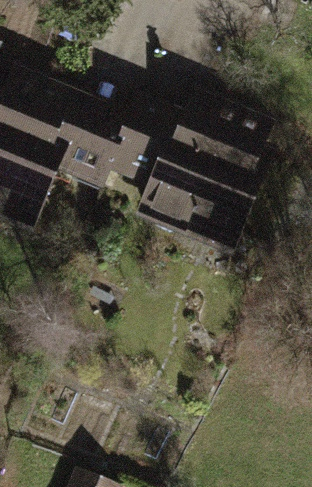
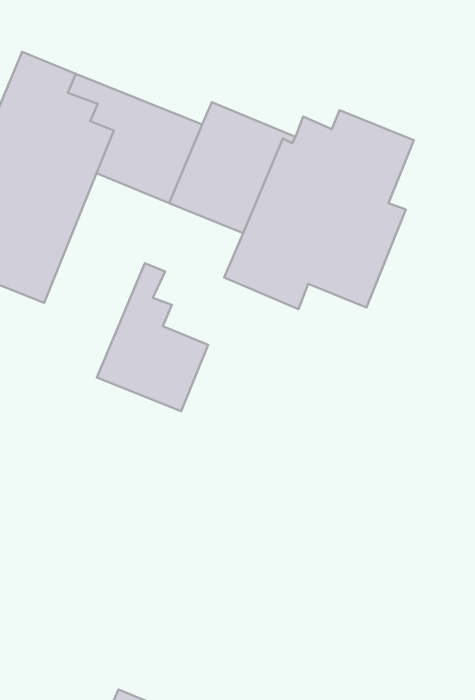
building: none -> [97,263,208,411]

